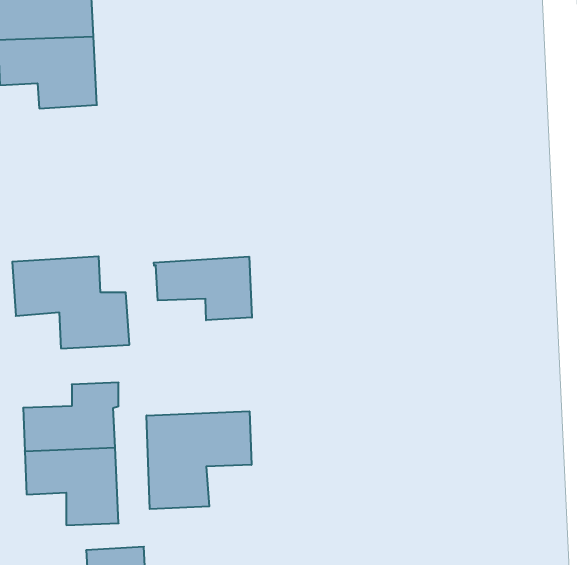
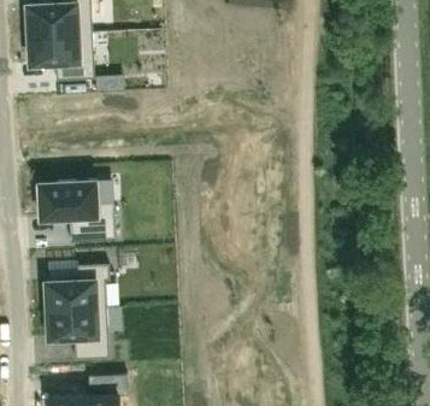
building: [154,257,252,320] -> none
building: [147,411,251,509] -> none

